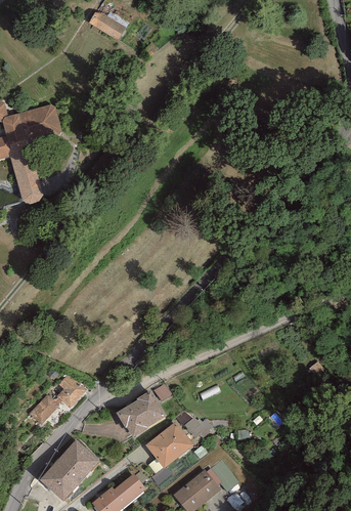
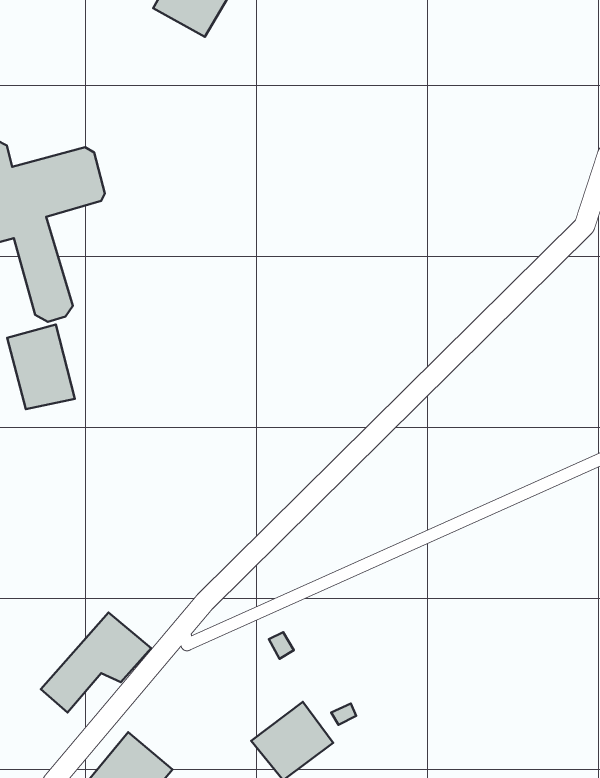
building: none -> [7,325,75,409]
building: [117,390,168,437] -> none

